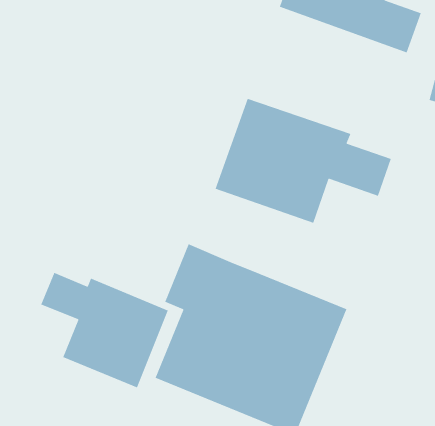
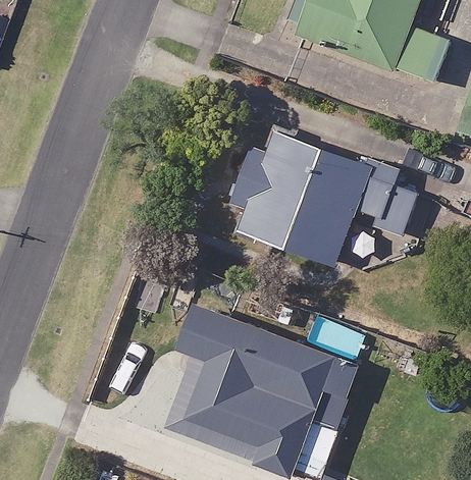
building: [40,272,169,388] -> none

